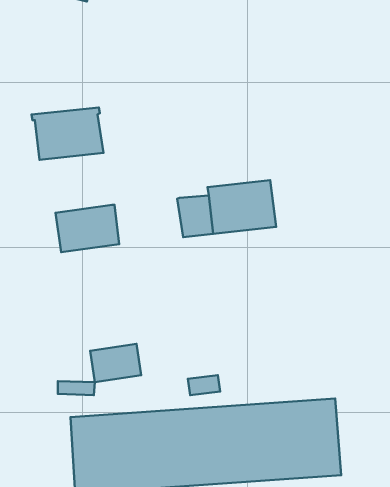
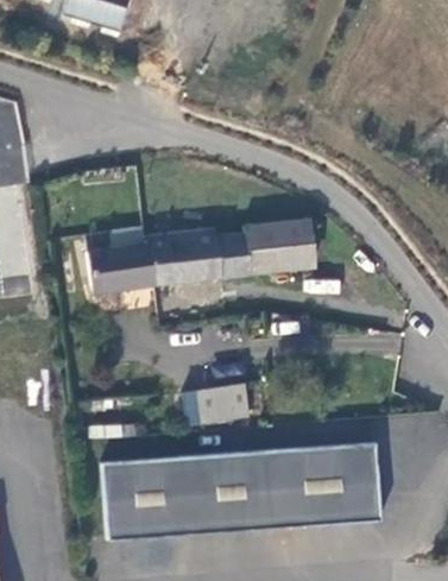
building: [31,107,103,160] -> [143,230,216,284]
building: [90,344,141,382] -> [195,384,247,423]

